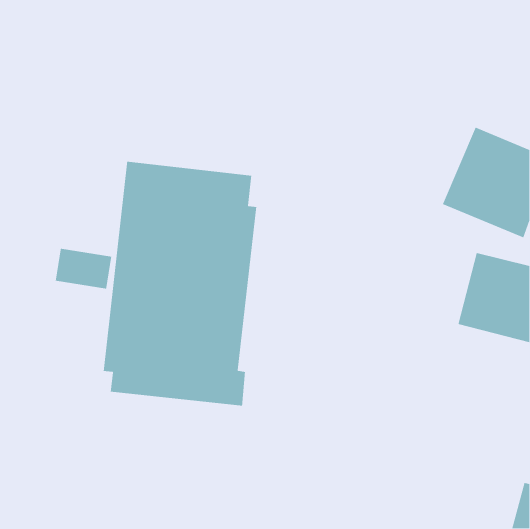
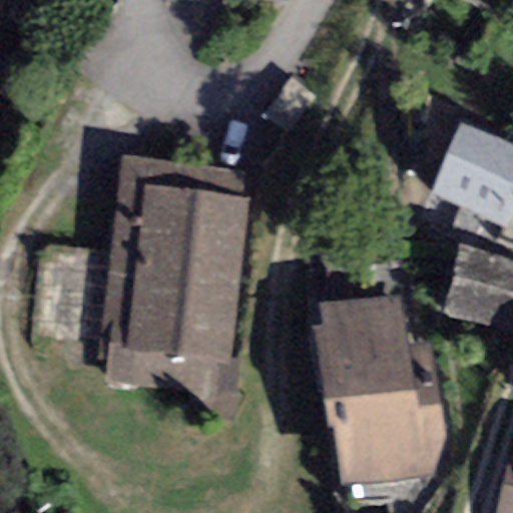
building: none -> [313,295,447,489]

